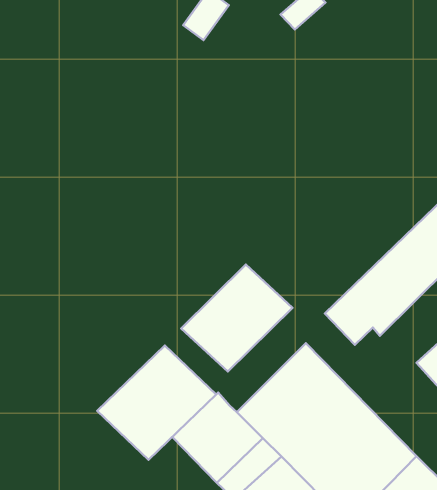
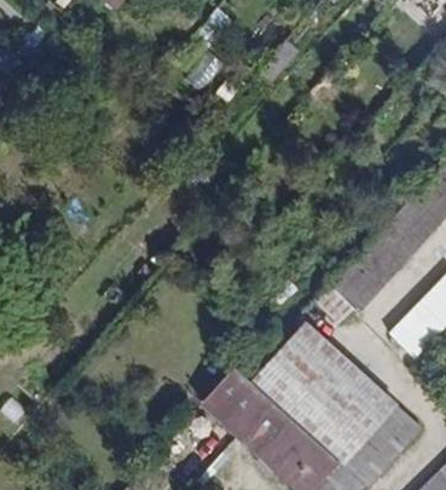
building: [181,264,292,372] -> none
building: [97,345,216,460] -> none

